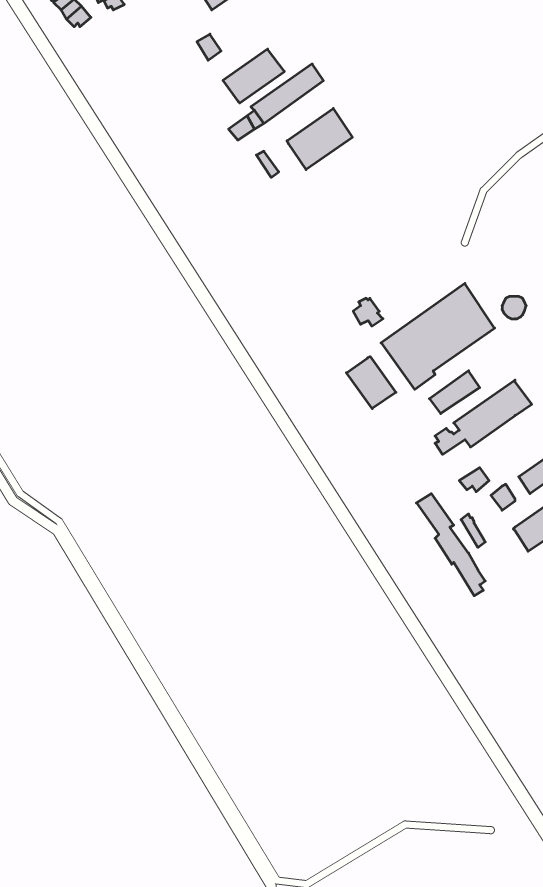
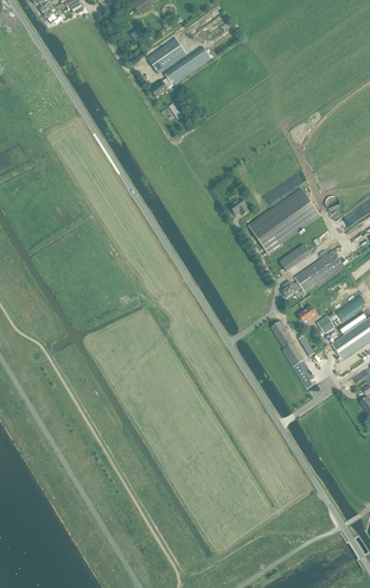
building: [287,108,352,170] -> none
building: [346,357,396,409] -> none

